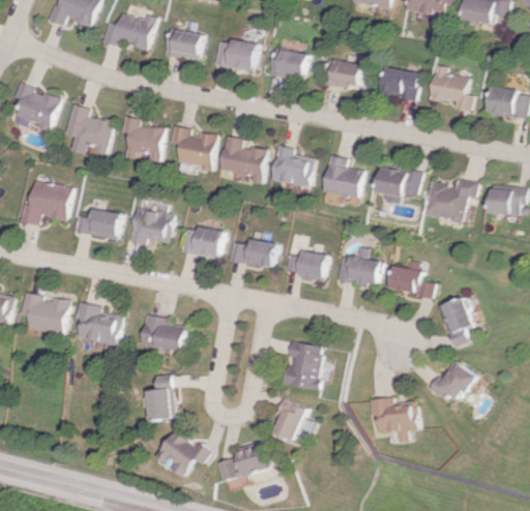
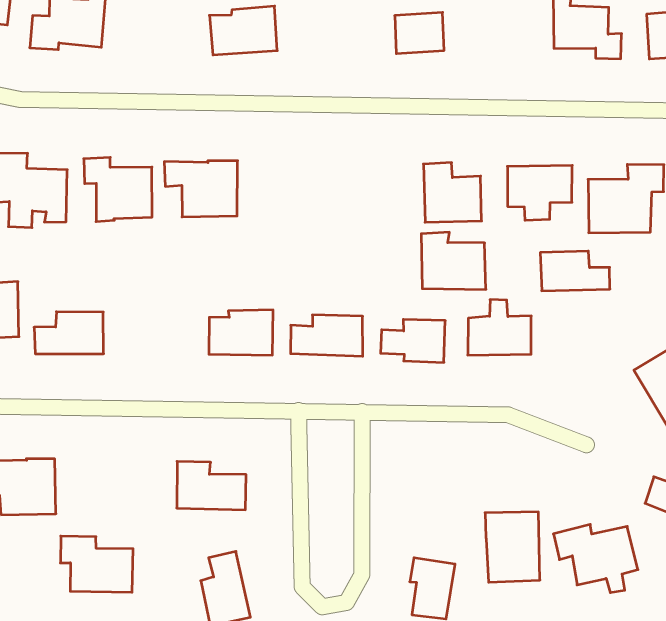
building: [163,30,199,59] -> none
building: [268,51,305,79] -> none
building: [376,67,415,100] -> none
building: [220,136,267,184] -> none
building: [273,146,317,187] -> [421,232,486,289]
building: [126,208,171,245] -> none
building: [390,267,435,297] -> [540,251,610,291]
building: [78,302,124,344] -> [60,536,133,592]
building: [287,341,325,389] -> [485,512,540,582]

